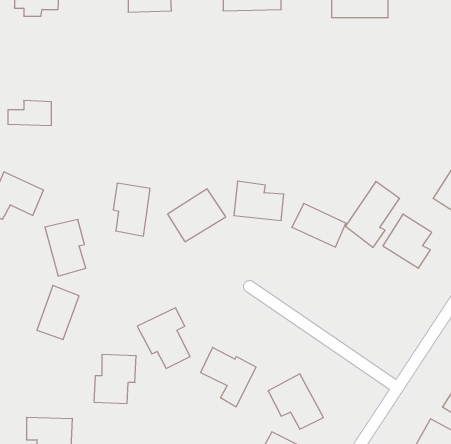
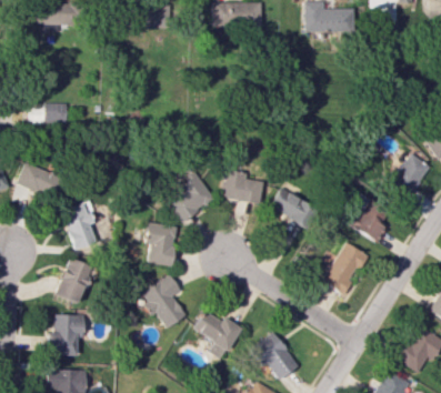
building: [345,181,400,247] -> [322,242,368,298]
building: [113,183,150,236] -> [147,222,178,266]
building: [94,355,136,403] -> [49,314,84,355]

